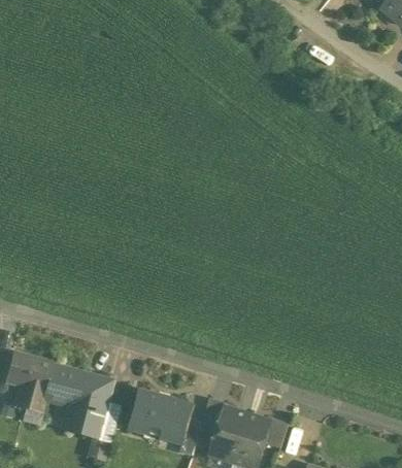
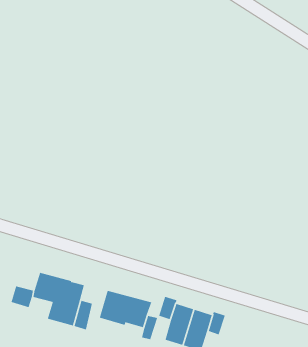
building: [8,358,52,391] -> none

